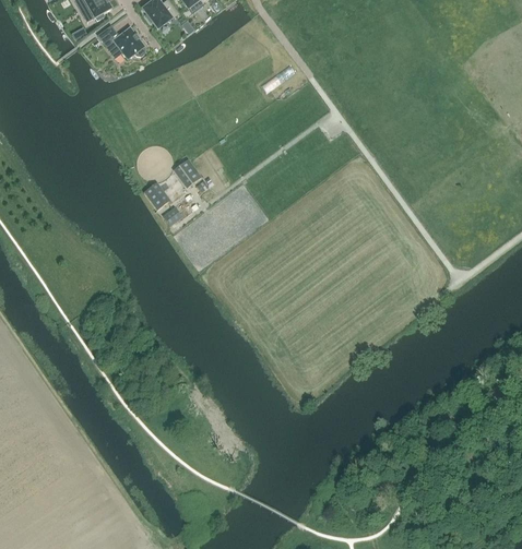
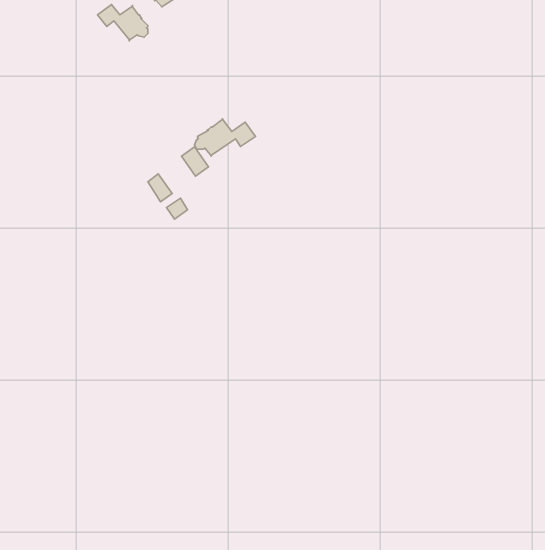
building: none -> [194,119,255,156]

